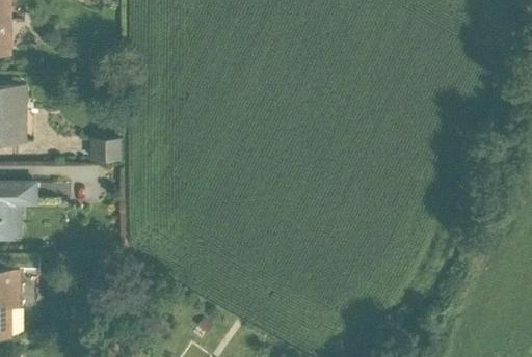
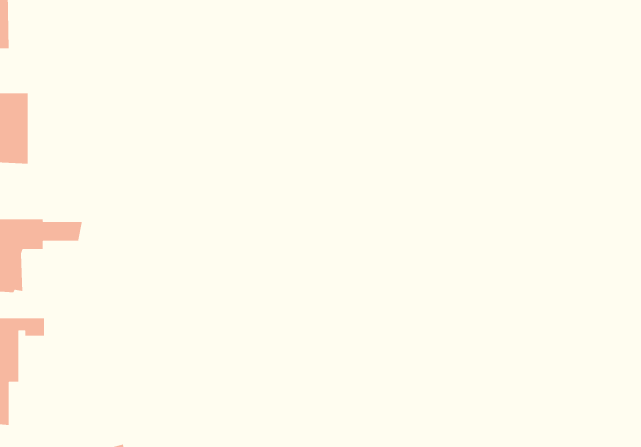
building: [90,134,121,157] -> none

